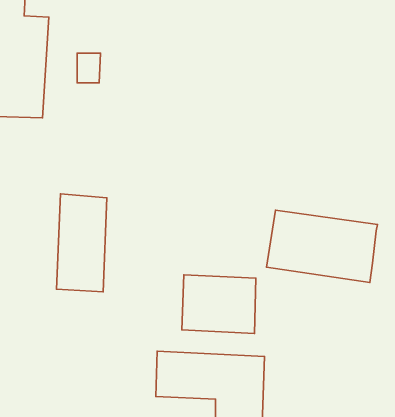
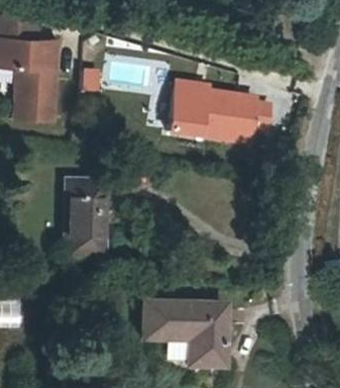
building: [267,210,378,283] -> [172,81,258,137]
building: [182,275,256,334] -> none

